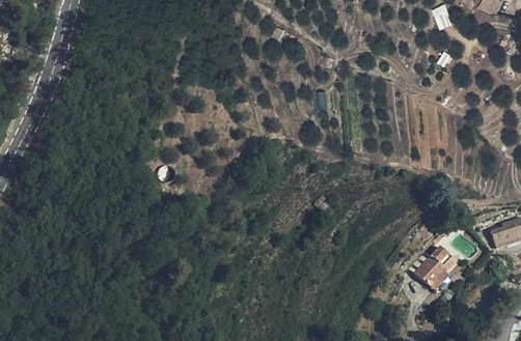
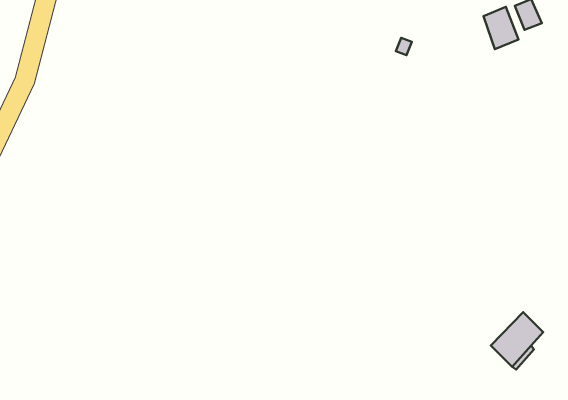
building: none -> [483,7,519,49]

